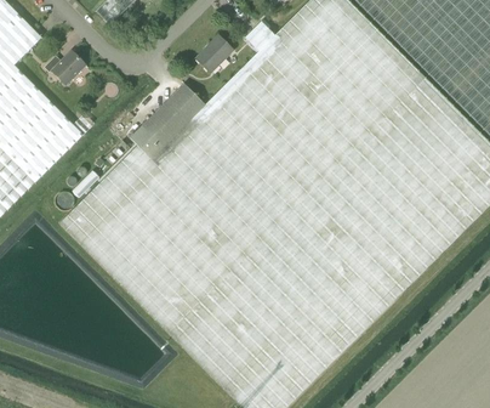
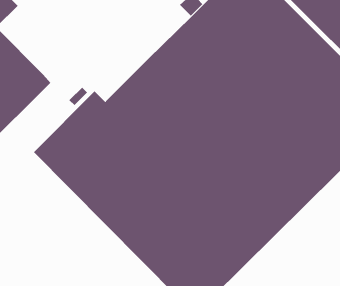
building: [195,36,232,72] -> none
building: [50,50,86,85] -> none
building: [130,84,204,158] -> none

